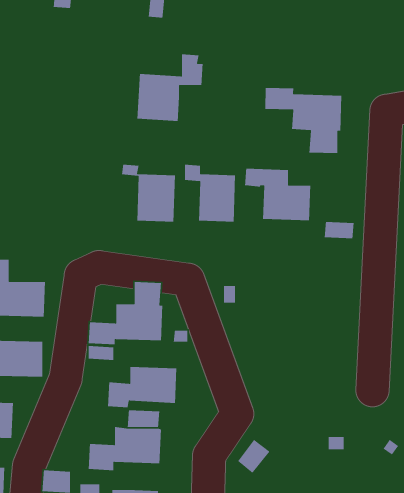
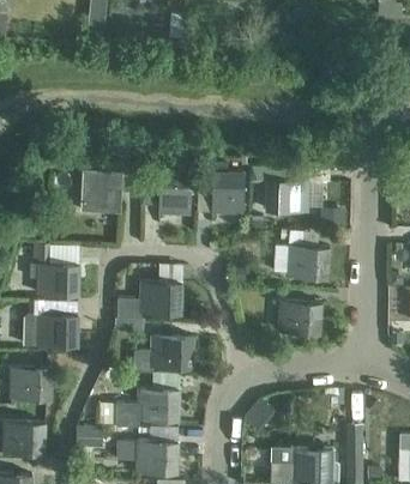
building: [137,54,204,122] -> [83,156,140,214]
building: [265,87,342,154] -> none
building: none -> [271,247,328,279]
building: none -> [278,302,320,335]

